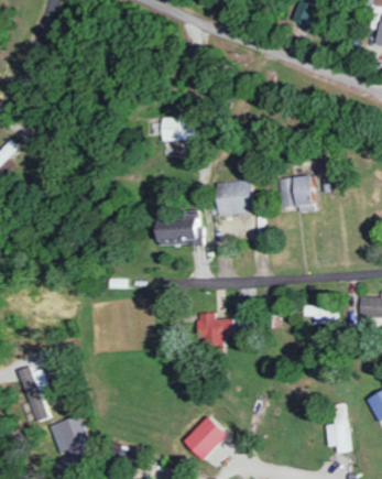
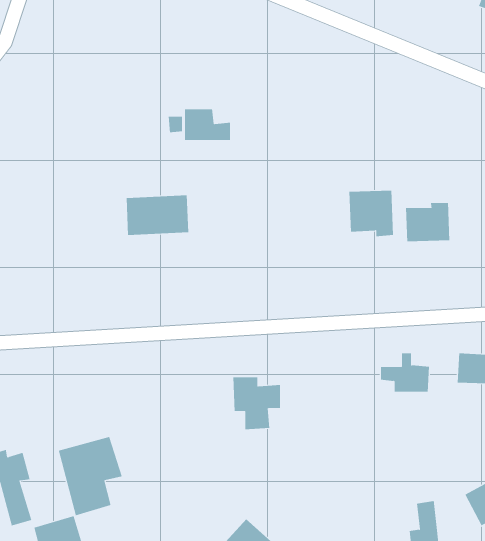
building: [215,178,254,217] -> none
building: none -> [406,202,450,242]
building: [155,217,201,247] -> [126,195,189,236]
building: none -> [58,436,122,516]

